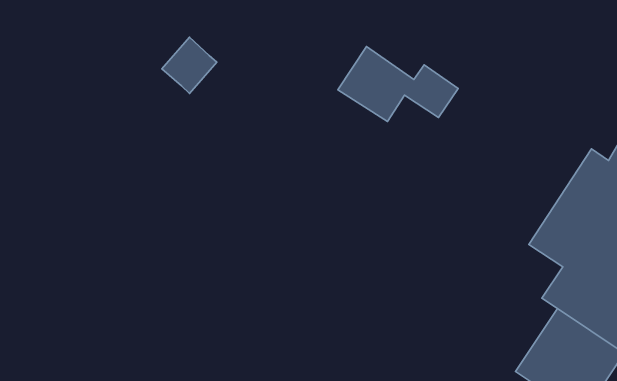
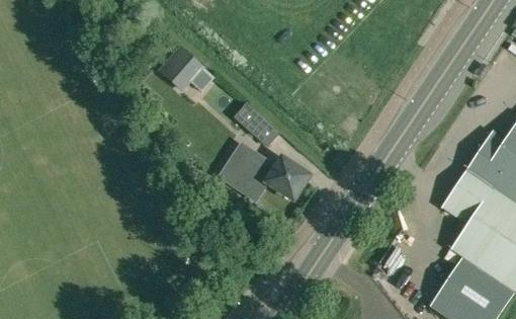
building: [338,47,458,121] -> [216,145,309,203]
building: none -> [236,105,278,147]

